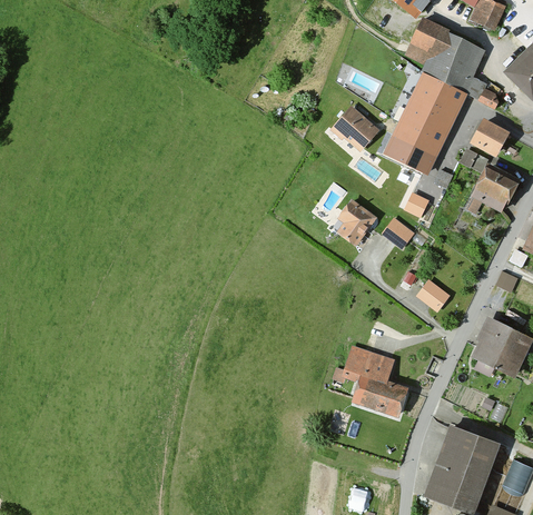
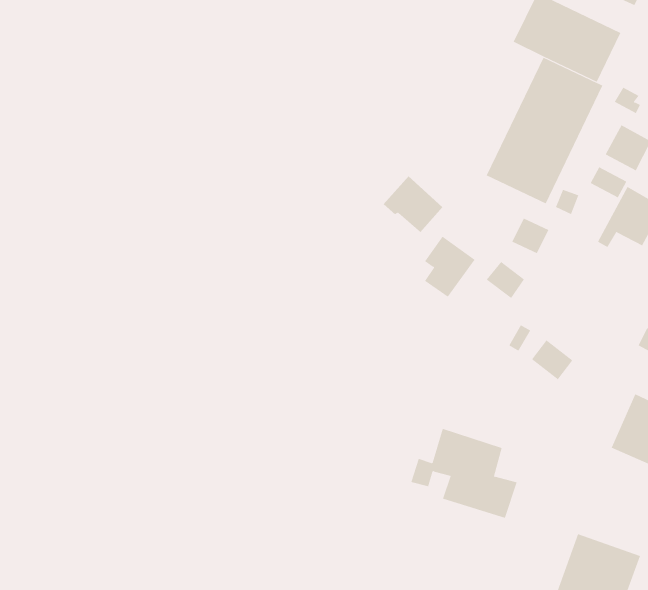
building: [333,109,377,151] -> [383,176,443,233]

